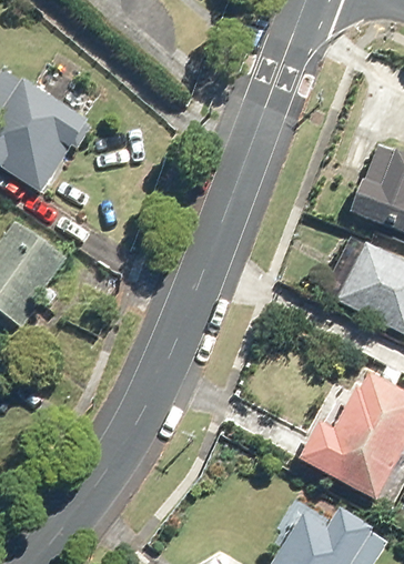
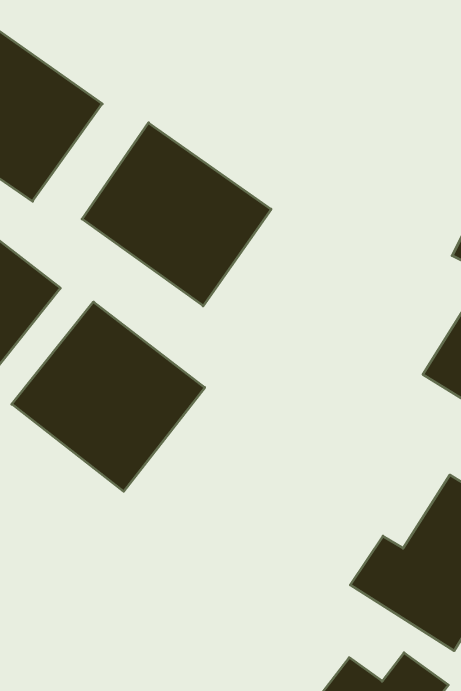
building: none -> [82,123,271,306]
building: none -> [12,302,205,491]

